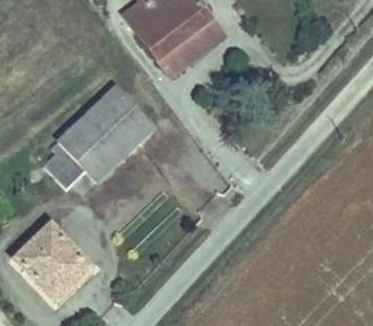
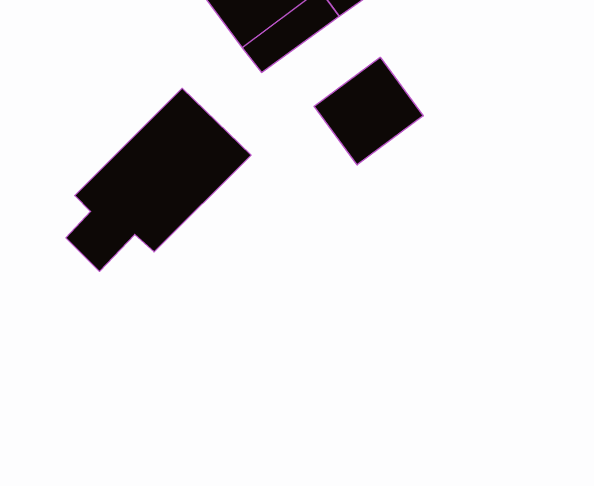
building: none -> [314,57,423,165]
building: [22,226,94,298] -> none

